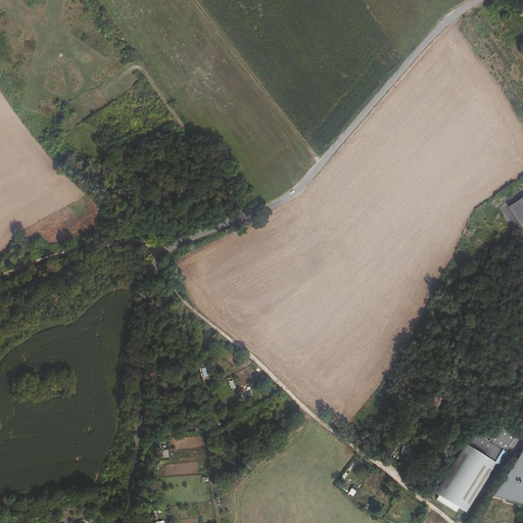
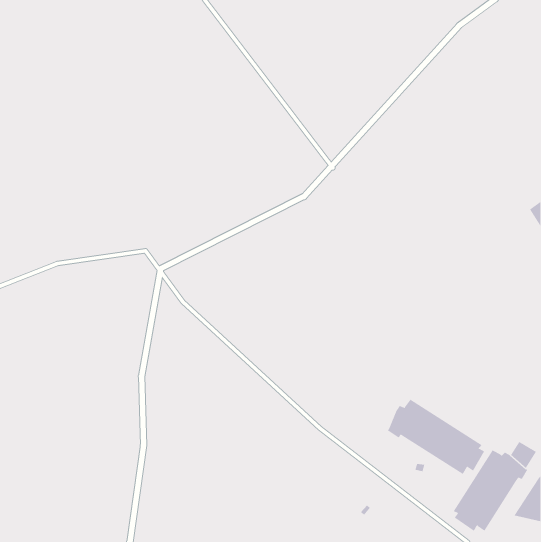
building: none -> [387,399,485,475]

